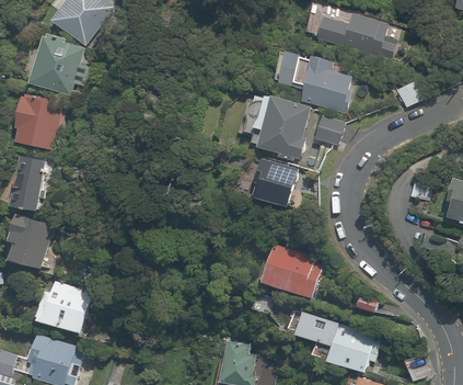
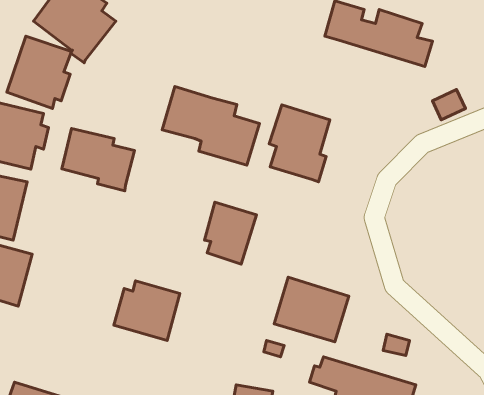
building: [270,45,355,113] -> [162,87,260,165]
building: none -> [62,129,135,191]
building: [315,116,343,146] -> none
building: [252,156,297,210] -> [205,202,257,264]
building: [33,282,90,333] -> [114,281,180,340]

